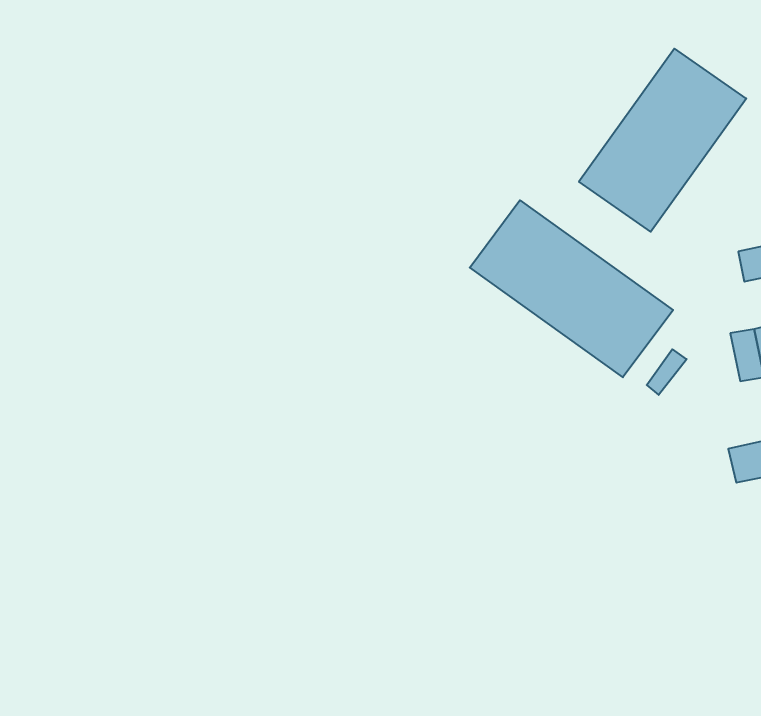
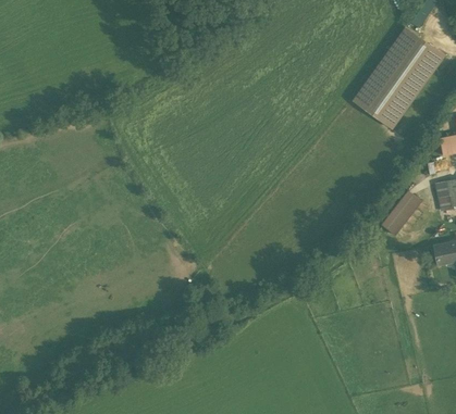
building: [470,200,673,377] -> none

